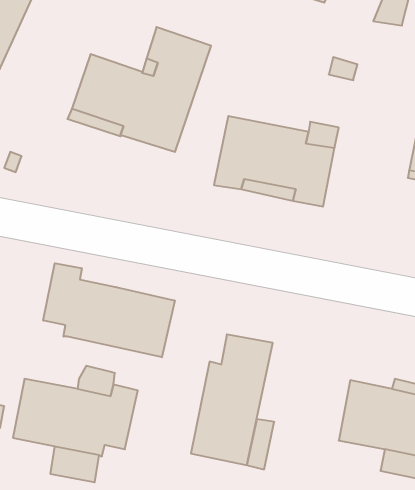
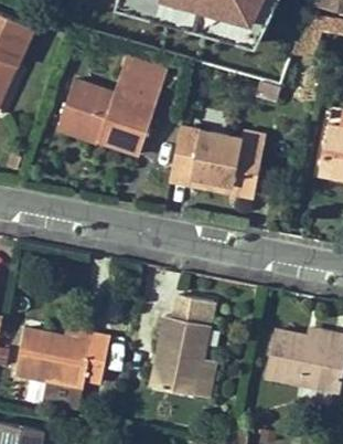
building: [43,263,175,357] -> none

